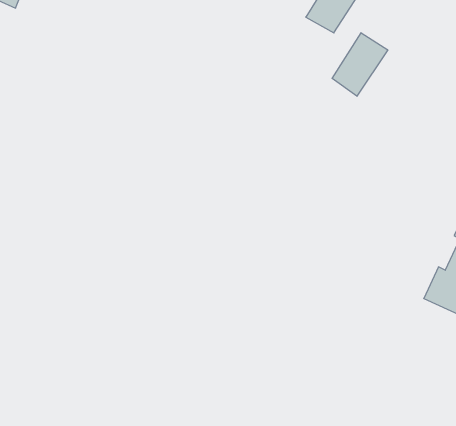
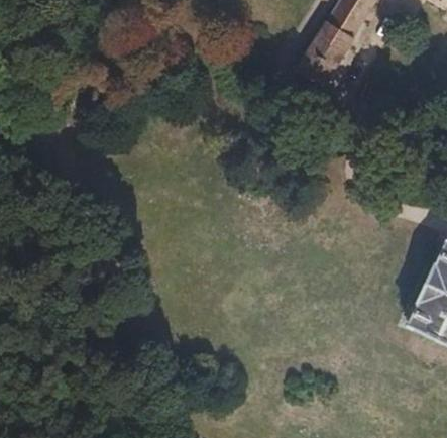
building: [332,33,388,96] -> none

